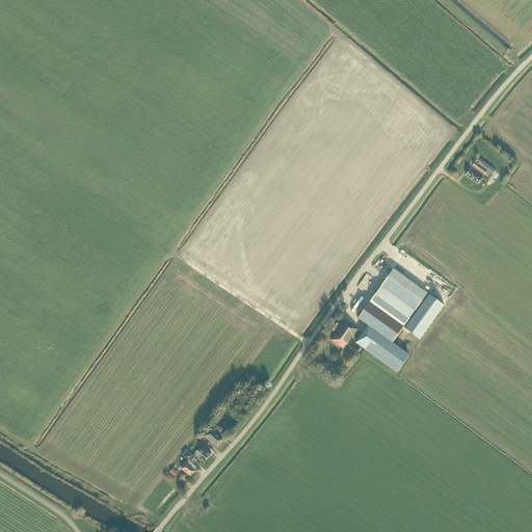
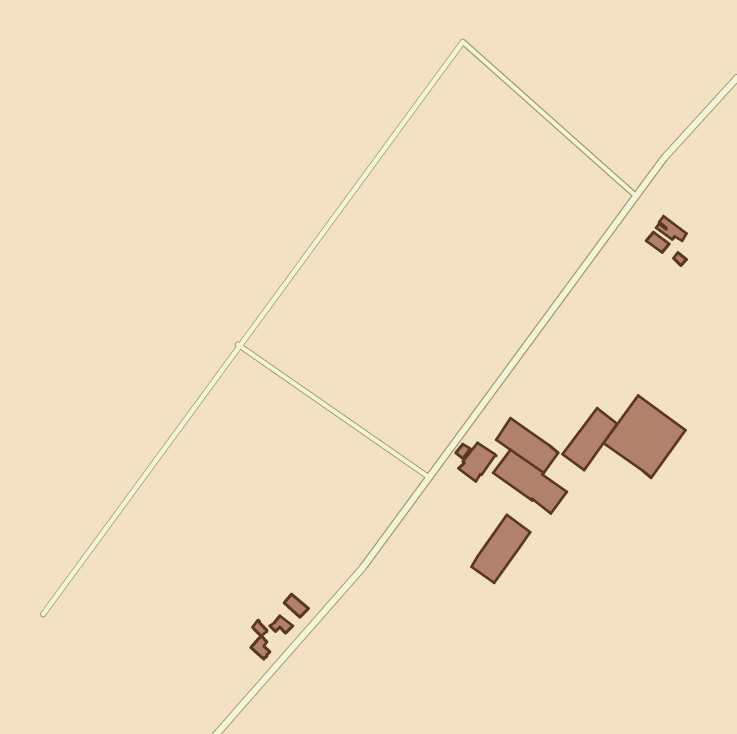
building: [368,267,427,326] -> [603,396,686,478]
building: none -> [471,515,530,583]

